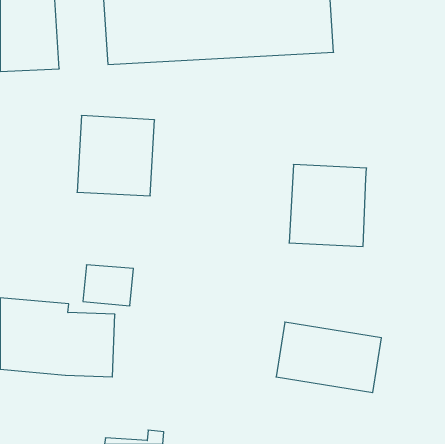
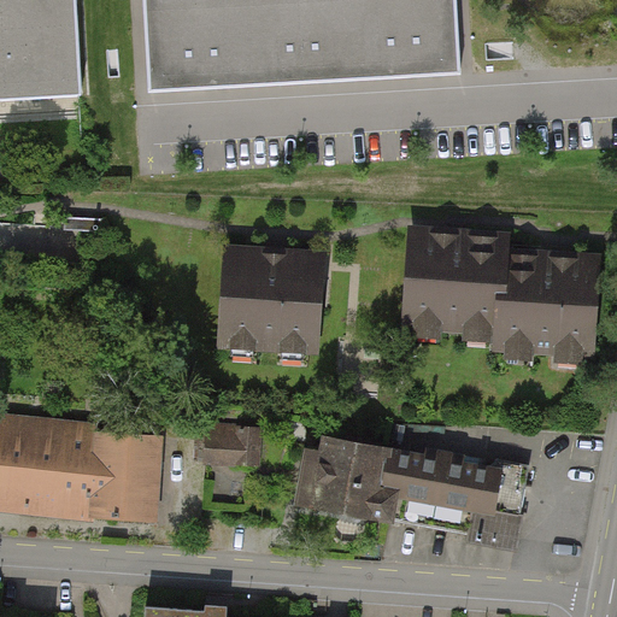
building: [77,116,155,196] -> [216,245,323,355]
building: none -> [501,247,598,370]
building: [83,265,133,306] -> [196,416,266,472]
building: none -> [300,434,394,522]

